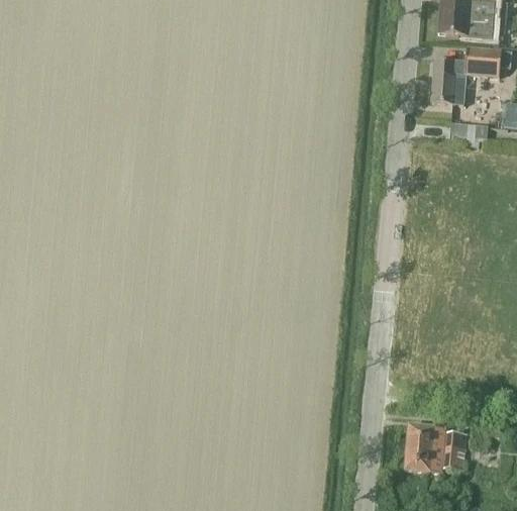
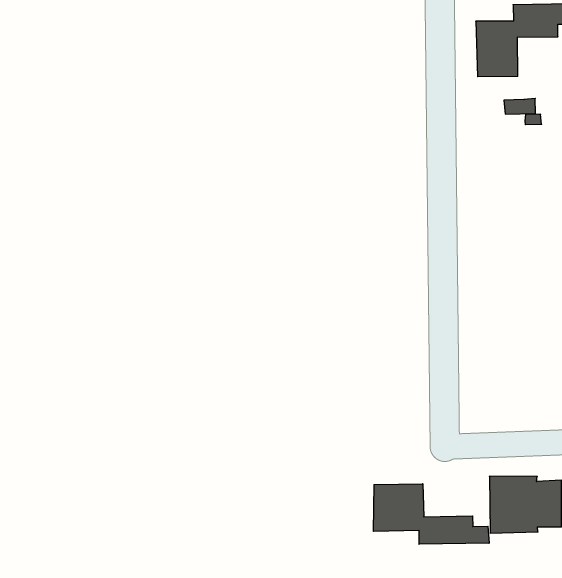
building: none -> [374,484,489,544]

